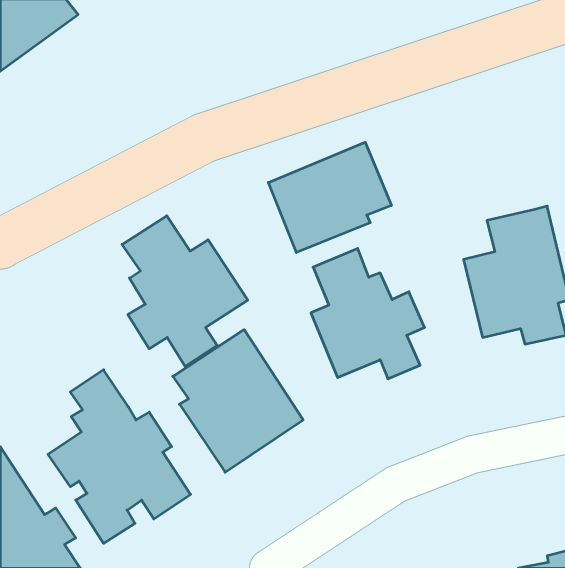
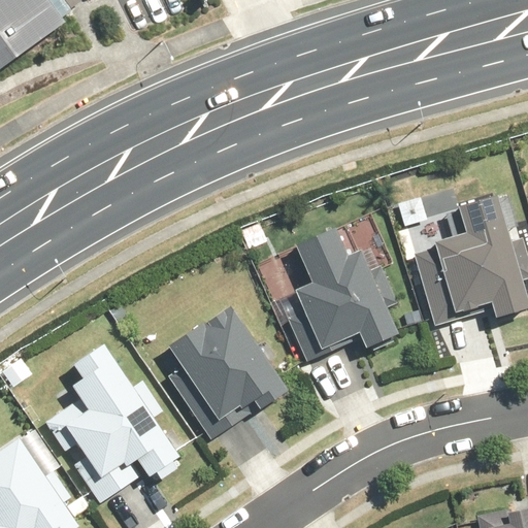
building: [268,142,391,253] -> none
building: [122,216,248,366] -> none

